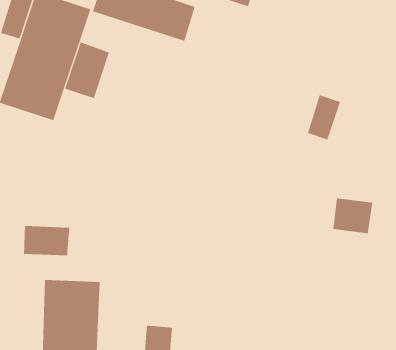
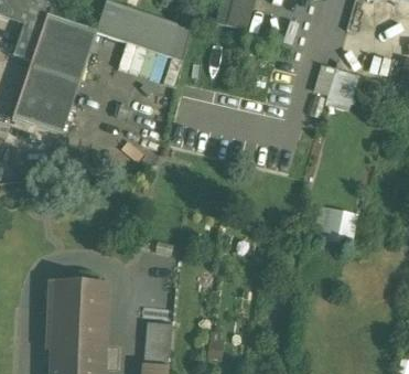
building: [65,41,110,99] -> none
building: [307,95,341,140] -> [327,66,358,108]
building: [24,225,70,256] -> none

